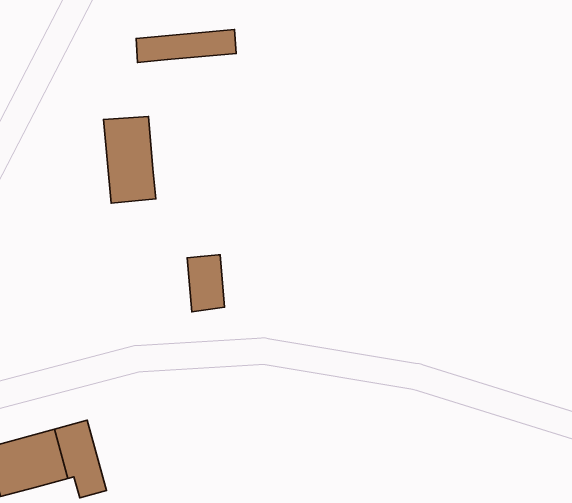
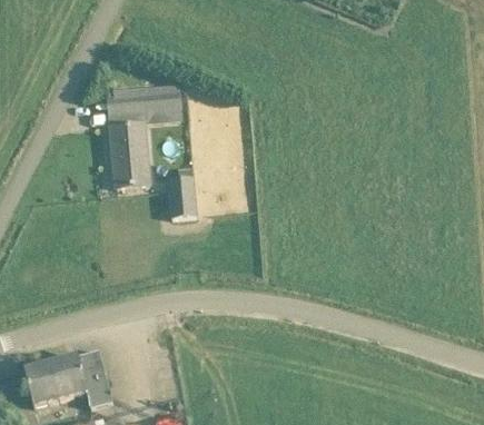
building: [136,30,236,62] -> [108,89,182,113]
building: [187,255,225,312] -> [168,175,196,217]

